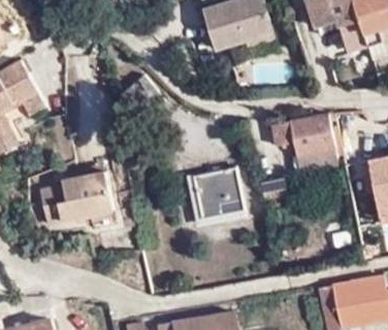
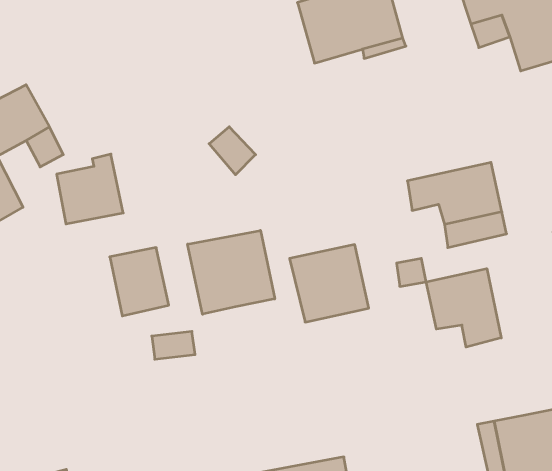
building: none -> [188,230,275,314]
building: [38,177,83,223] -> [57,154,123,224]
building: none -> [426,269,501,347]

